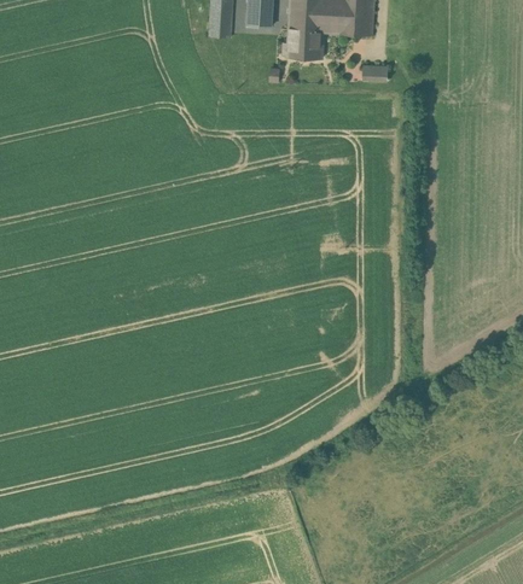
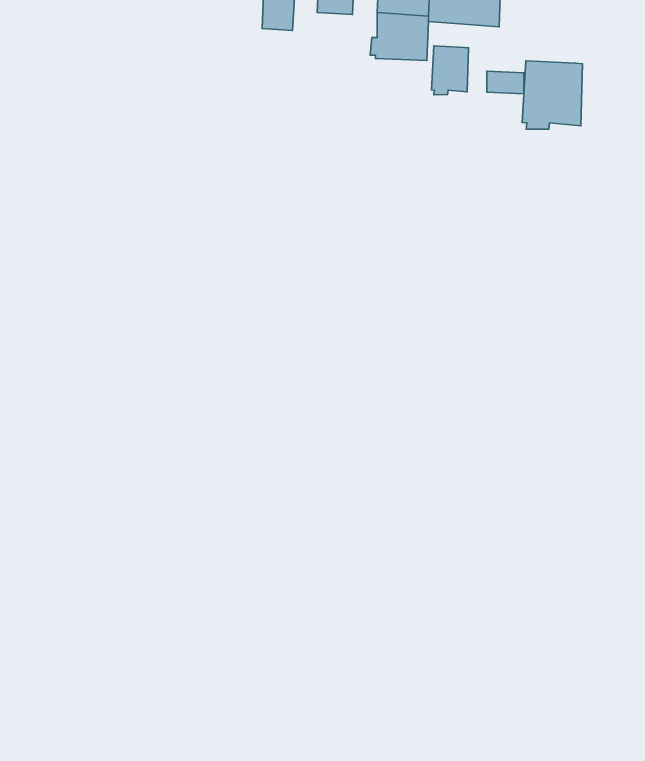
building: none -> [431,46,468,95]
building: none -> [522,61,582,129]

